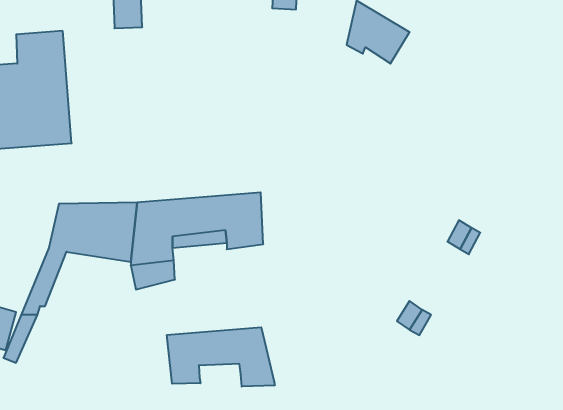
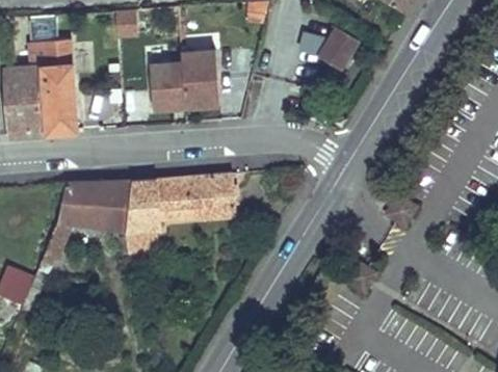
building: none -> [147,47,216,110]
building: [167,327,275,387] -> none

